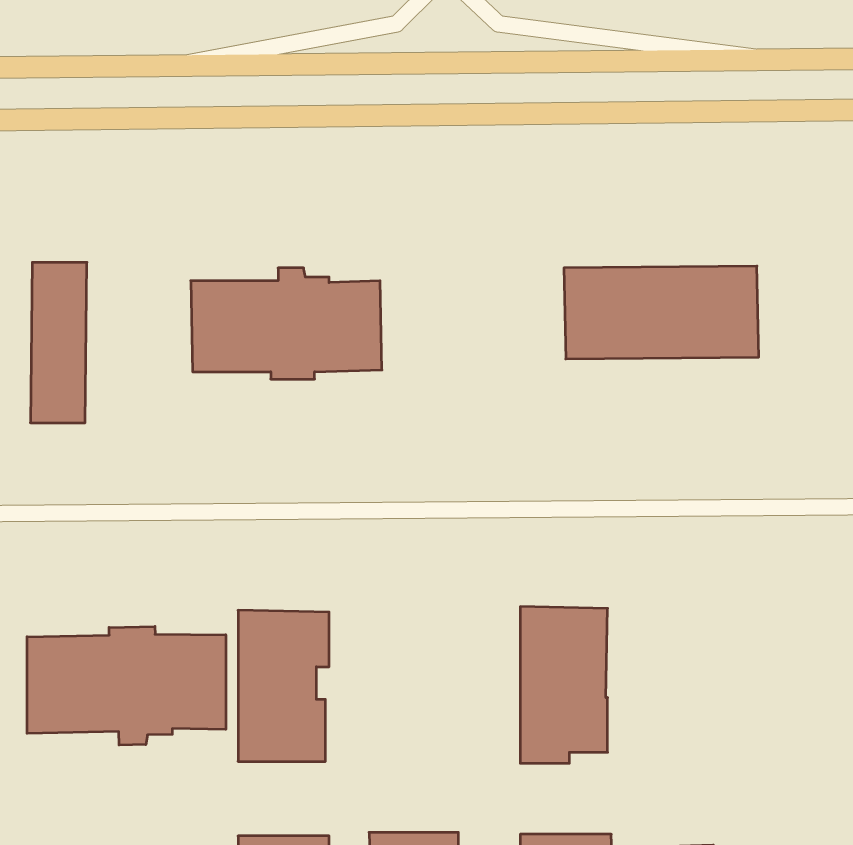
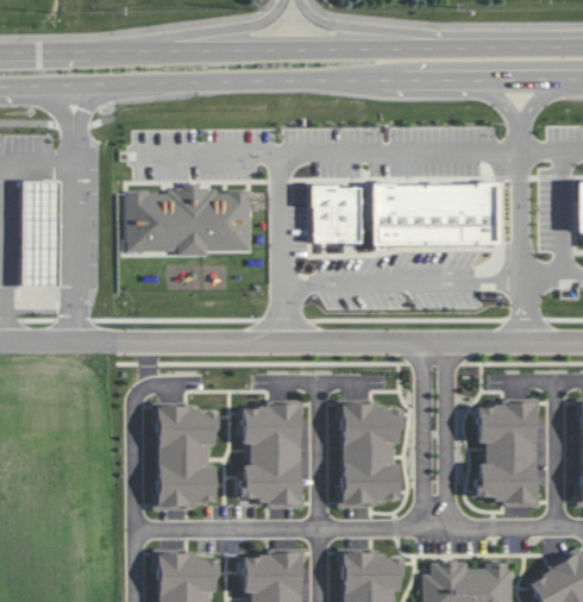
building: none -> [311,186,361,244]
building: none -> [478,402,537,503]
building: none -> [242,406,301,507]
building: [27,626,226,745] -> none

